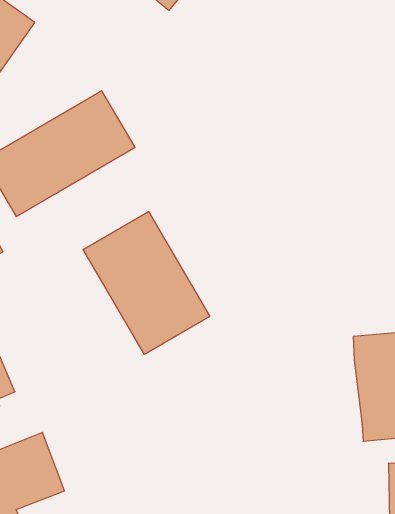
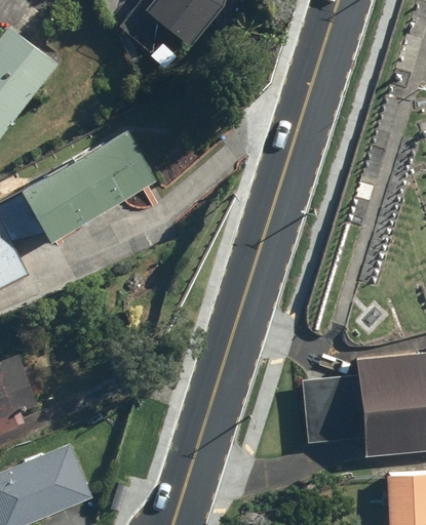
building: [83,212,210,354] -> none
building: none -> [303,378,365,445]

